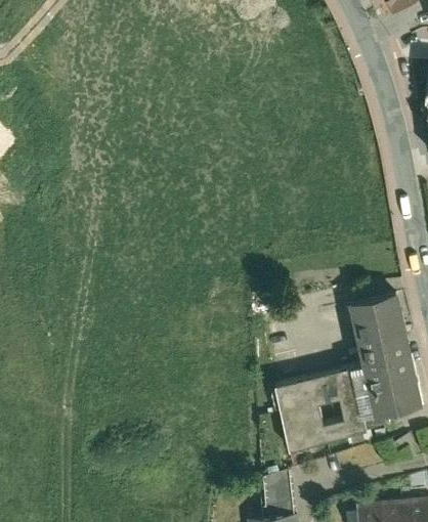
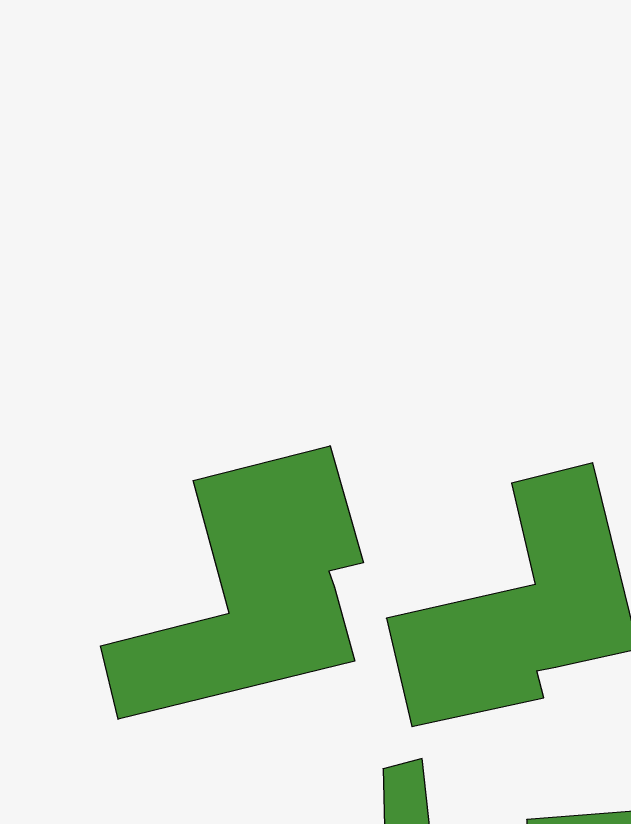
building: none -> [101,446,363,719]

